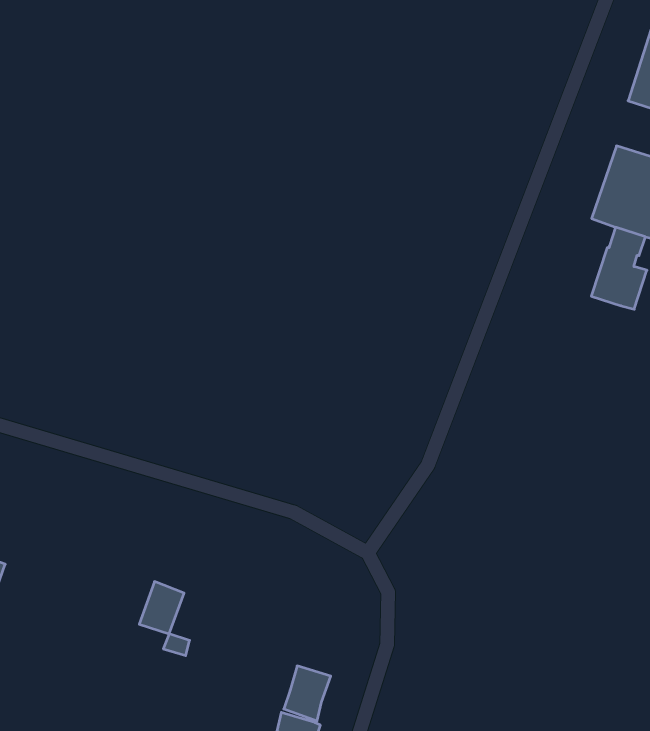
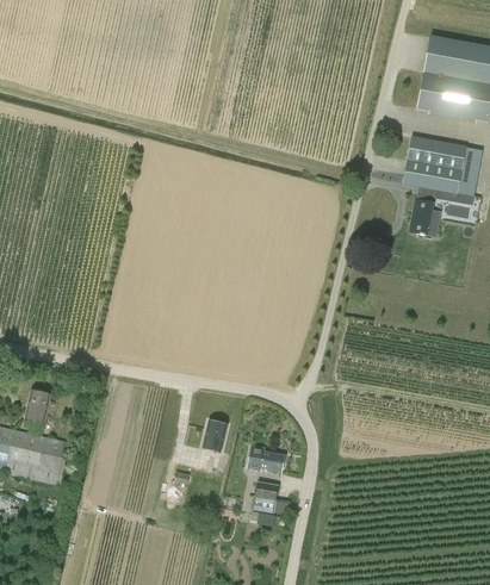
building: [139,582,184,634] -> [203,419,228,450]
building: none -> [248,444,285,472]

